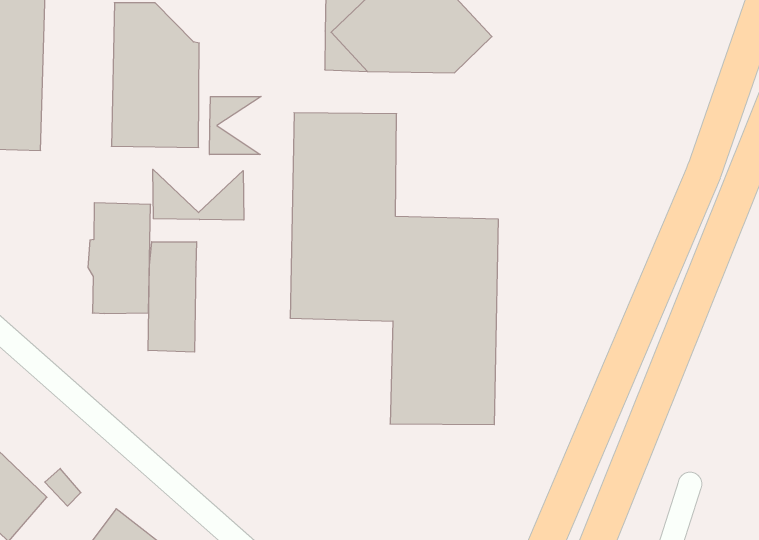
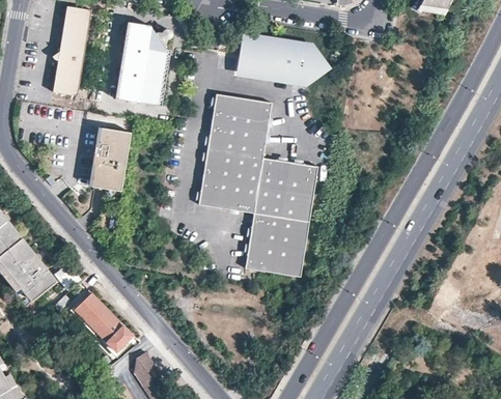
building: [210,96,261,155] -> none
building: [153,169,244,220] -> none
building: [148,242,197,352] -> none

